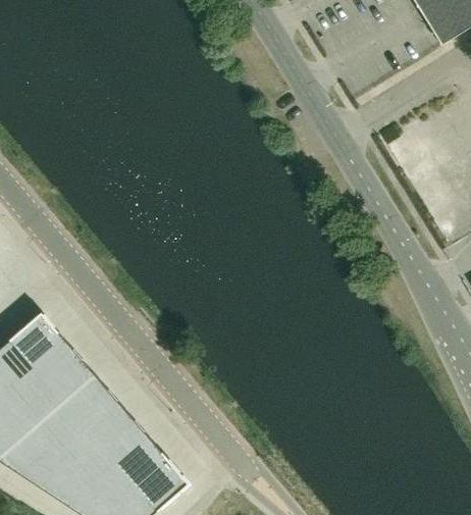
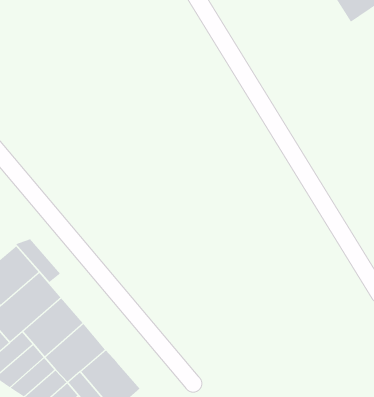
building: none -> [15,239,61,283]

